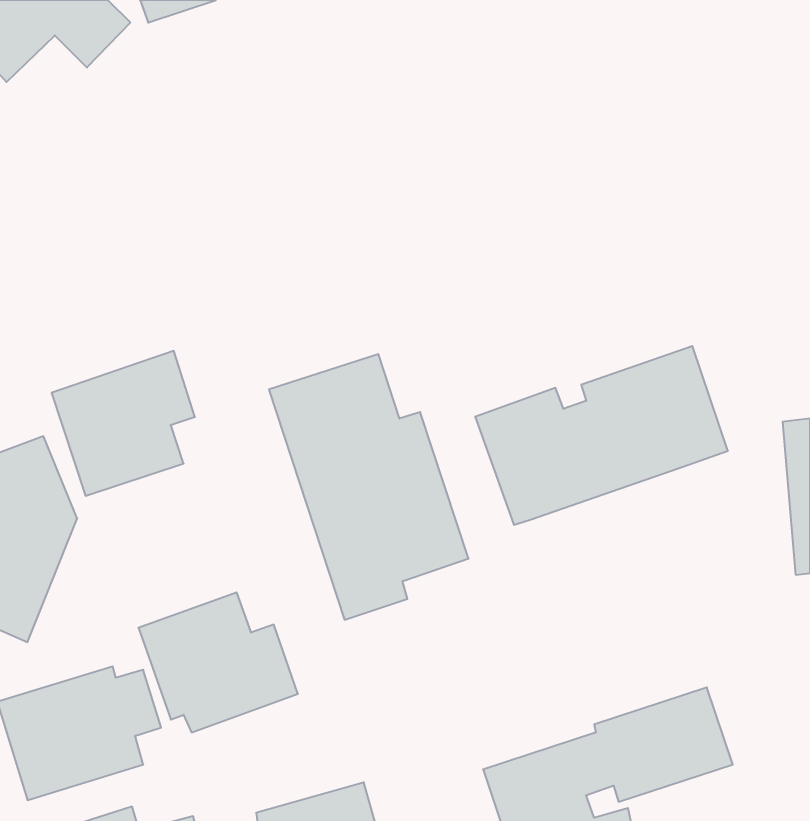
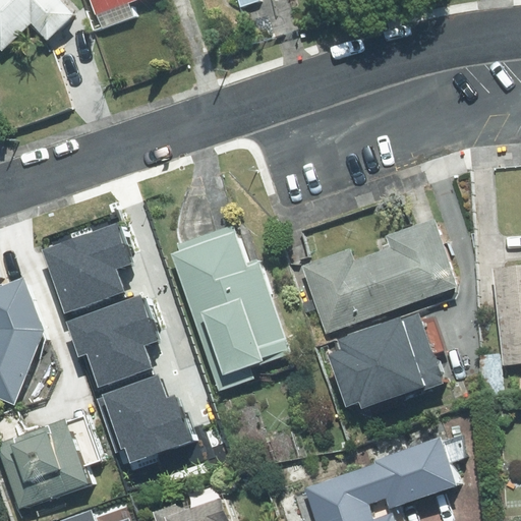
building: none -> [55,293,149,387]
building: none -> [331,297,460,423]

